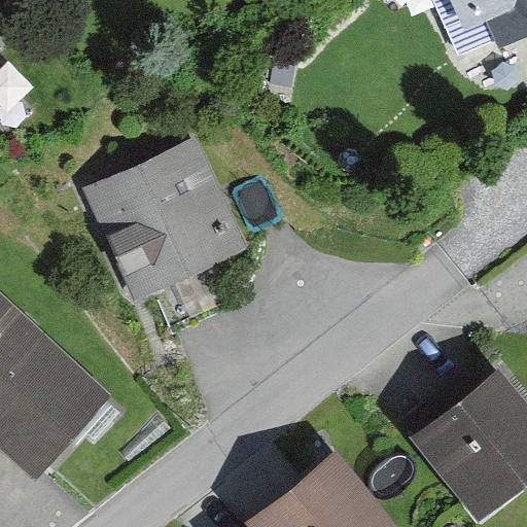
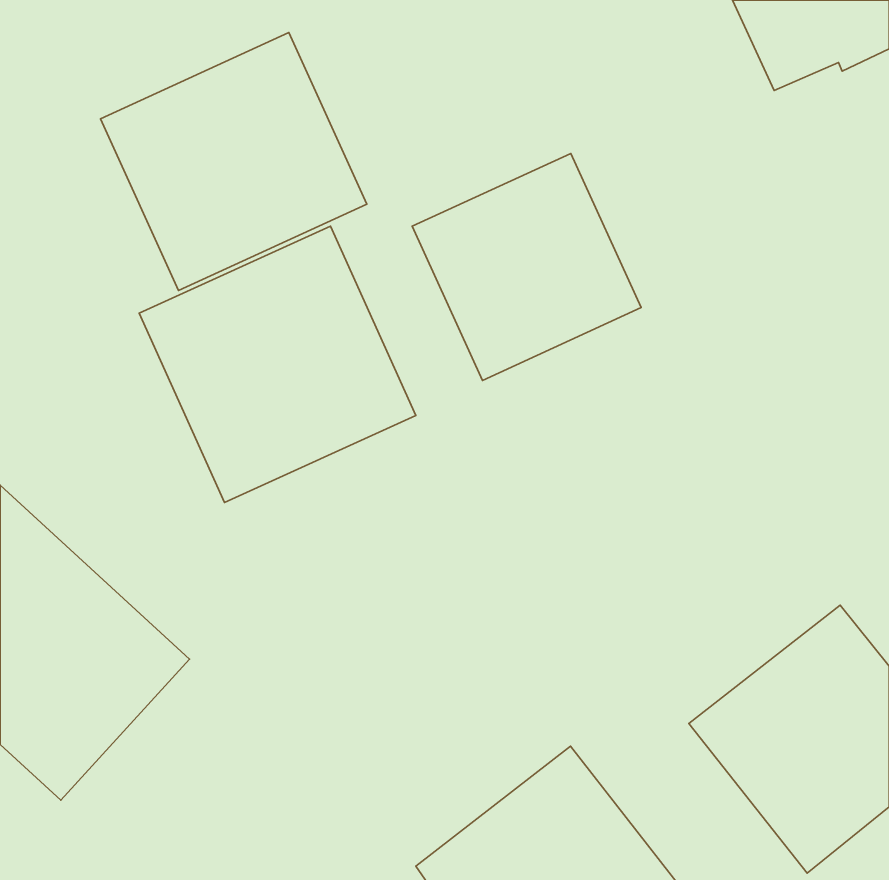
building: none -> [100,32,367,291]
building: none -> [412,153,641,381]

